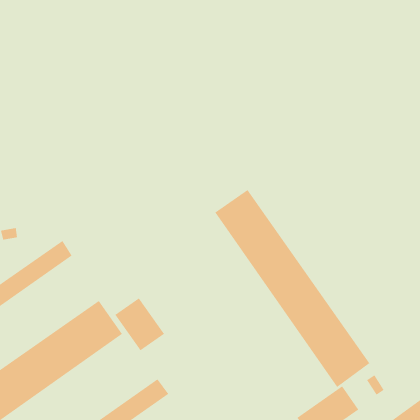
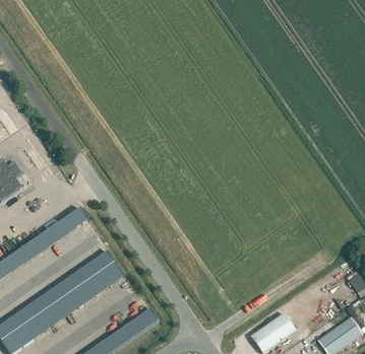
building: [215,189,370,388] -> none
building: [115,298,165,351] -> none

